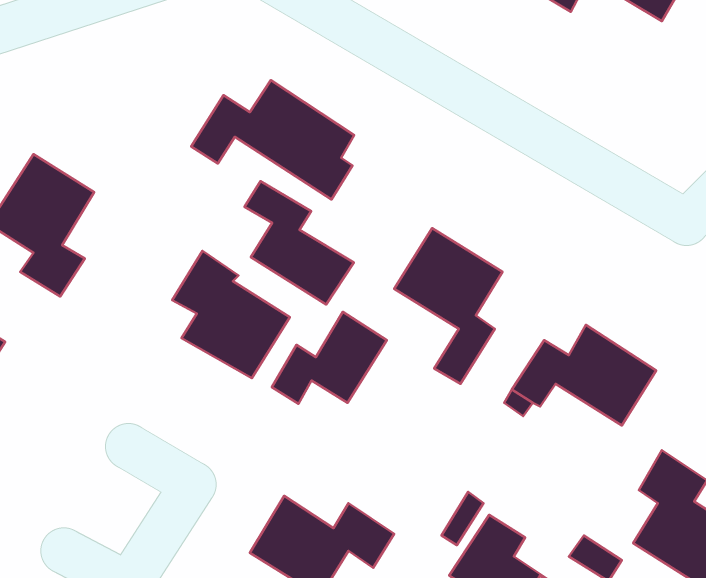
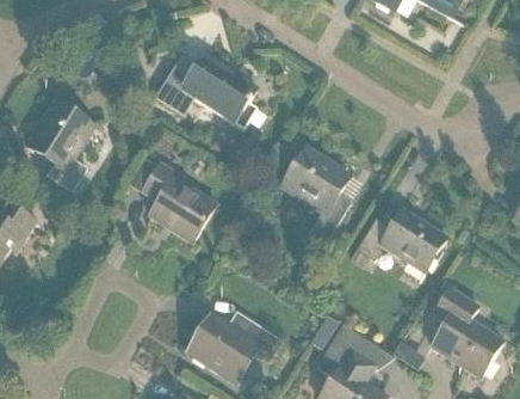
building: [244,181,354,304] -> none
building: [272,312,387,404] -> none

